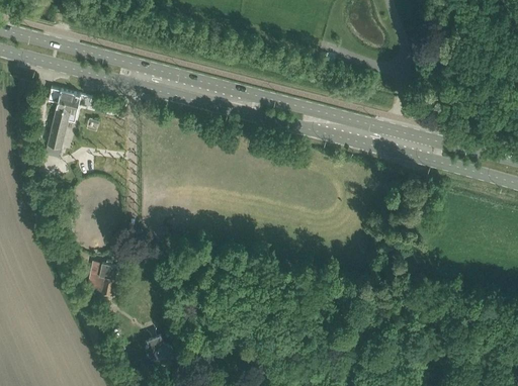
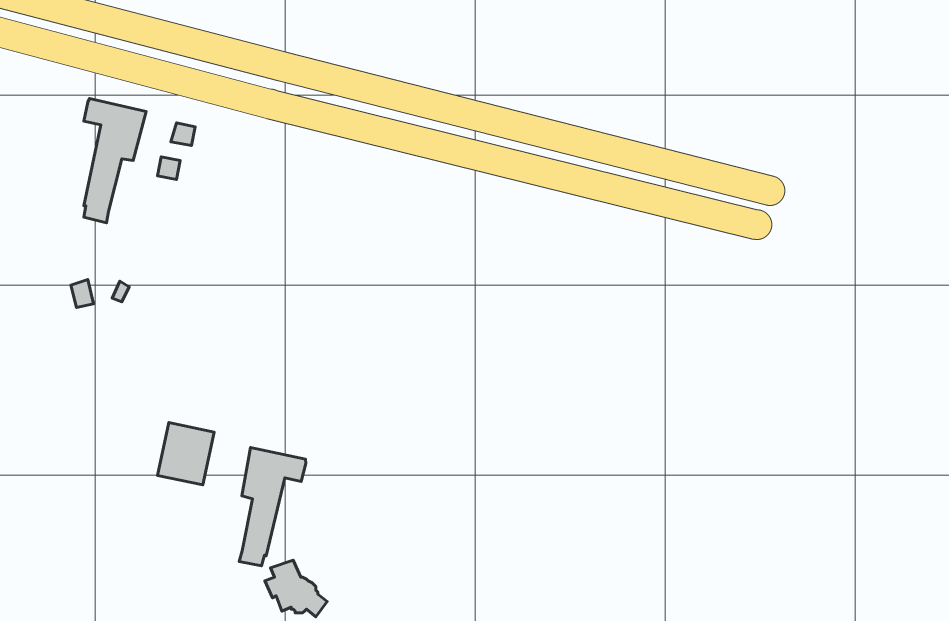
building: none -> [239,447,306,566]

